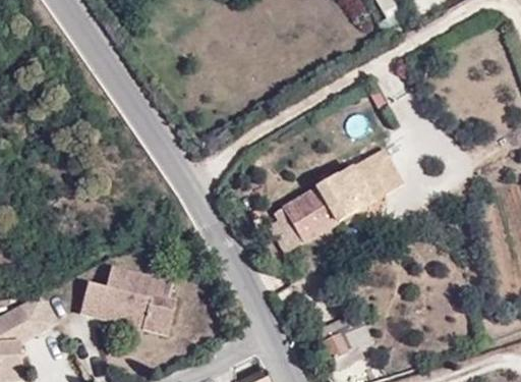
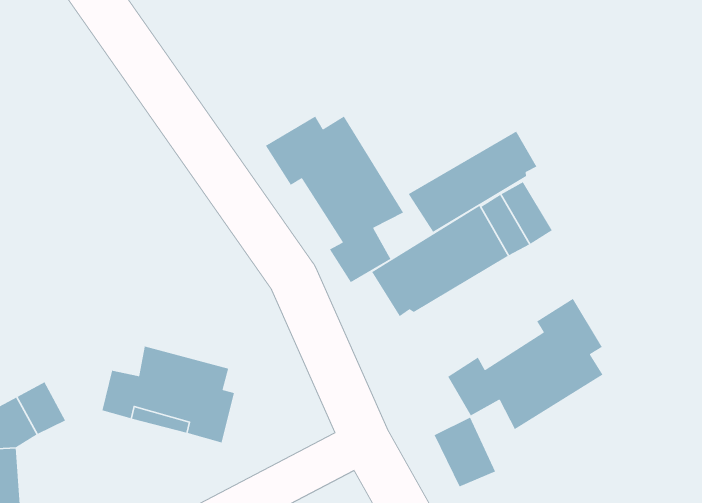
building: none -> [265,116,404,283]
building: none -> [408,130,537,233]
building: none -> [447,298,604,430]

